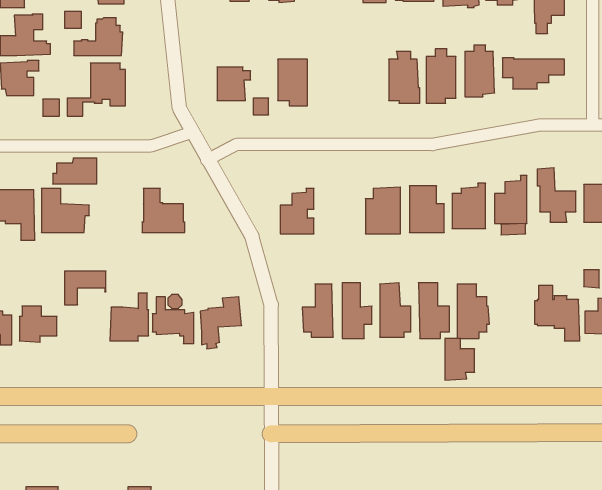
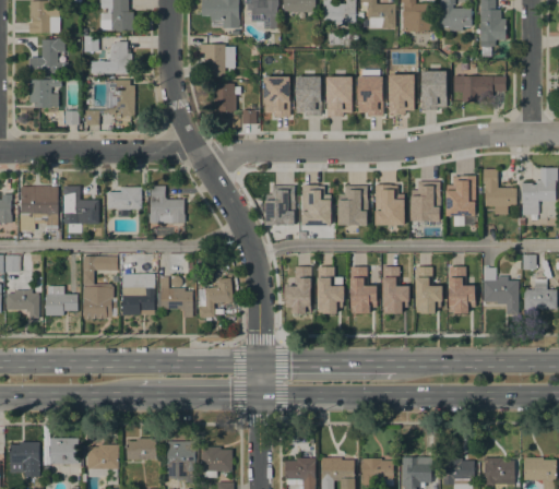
building: none -> [198,44,236,76]
building: none -> [296,75,320,114]
building: none -> [326,76,352,115]
building: [53,158,97,184] -> [104,187,141,208]
building: none -> [302,184,330,224]
building: none -> [82,284,117,319]
building: [445,339,475,380] -> [449,277,474,312]

